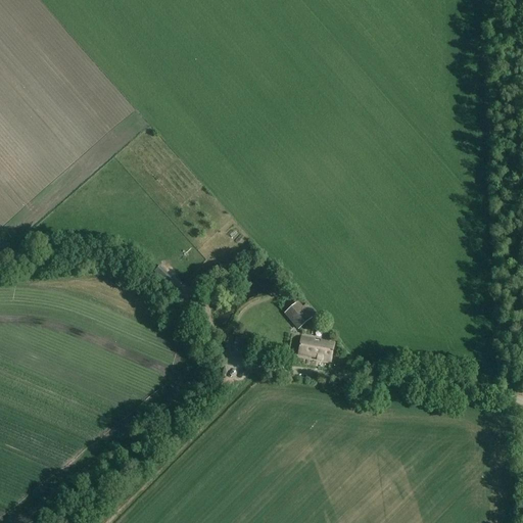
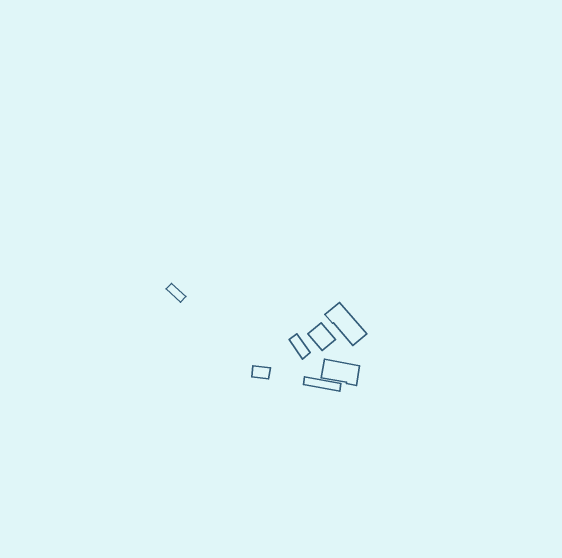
building: none -> [325,302,367,346]

